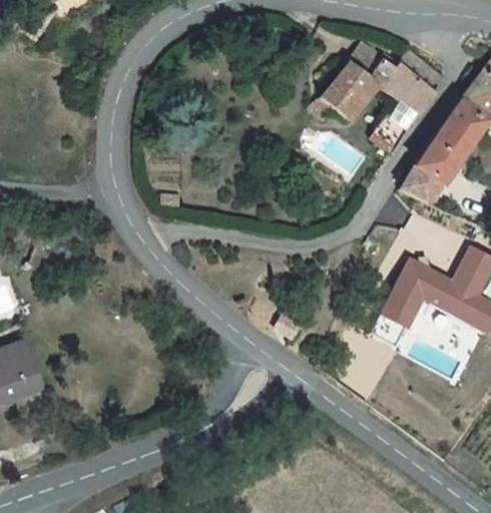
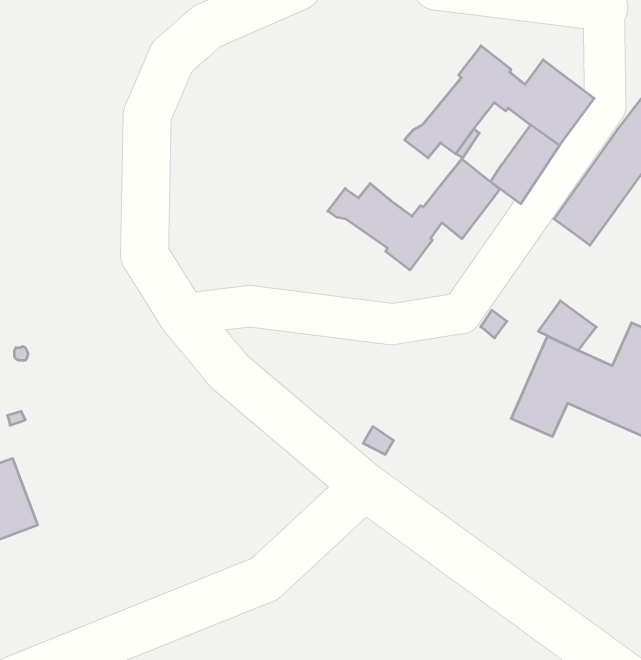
building: none -> [328,159,500,270]
building: [398,168,440,204] -> [538,301,596,351]

